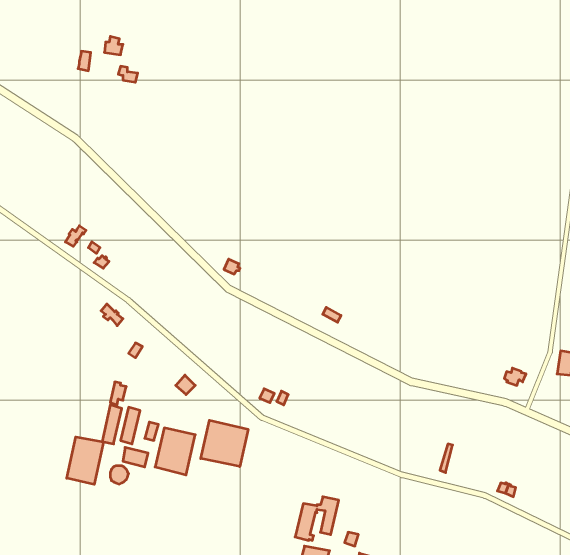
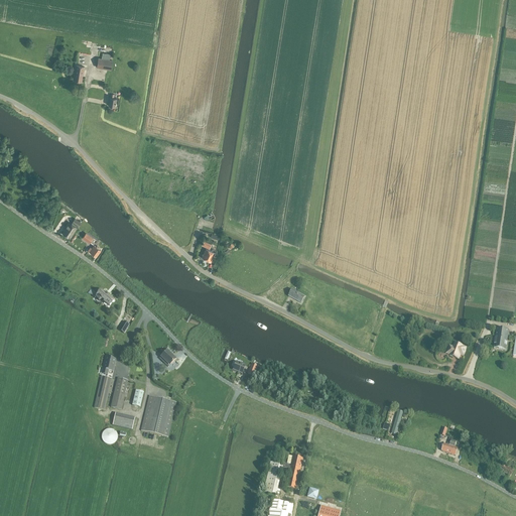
building: [201,420,248,467] -> none
building: [67,437,103,484] -> none

